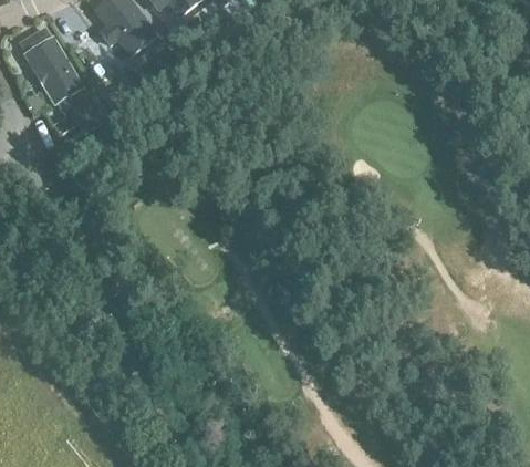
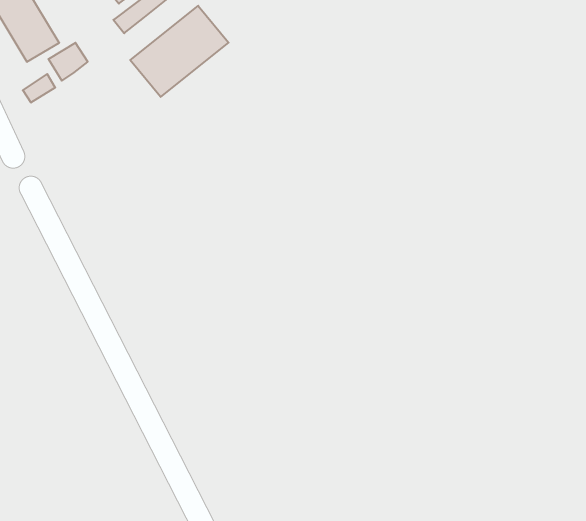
building: none -> [130,6,229,97]

